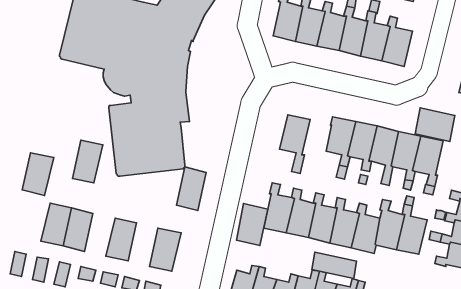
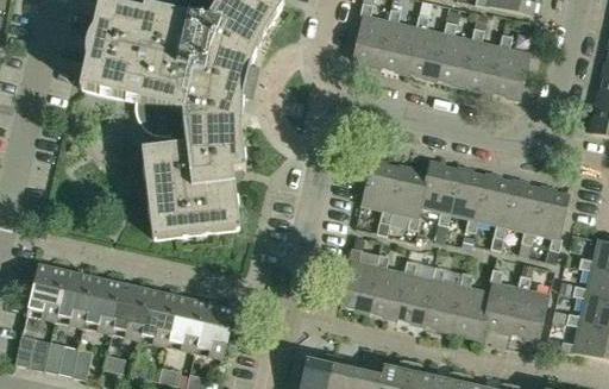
building: [415,108,455,142] -> none
building: none -> [389,165,427,230]
building: [72,140,103,183] -> [111,286,150,340]
building: [22,153,54,196] -> [26,266,67,321]
building: [177,167,206,211] -> [167,297,205,353]
building: [236,204,268,246] -> none
building: [312,252,357,279] -> none

